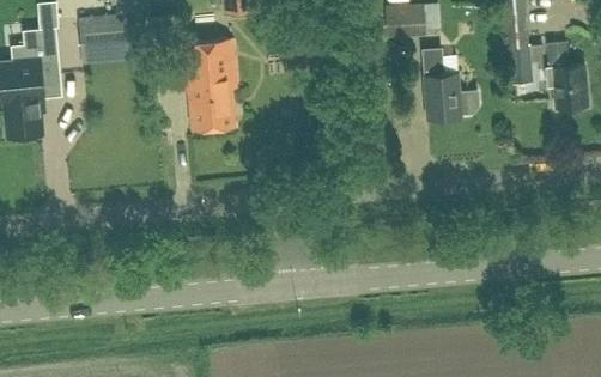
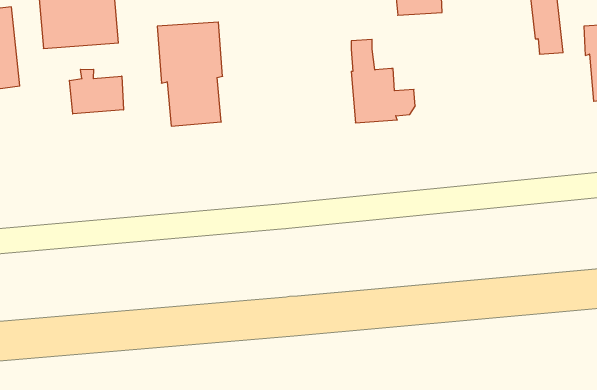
building: [423,49,478,121] -> [351,39,415,123]
building: none -> [69,69,123,114]

